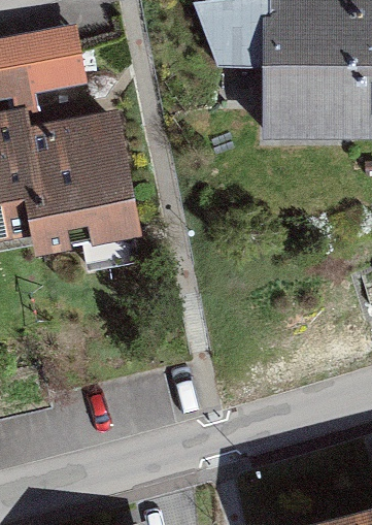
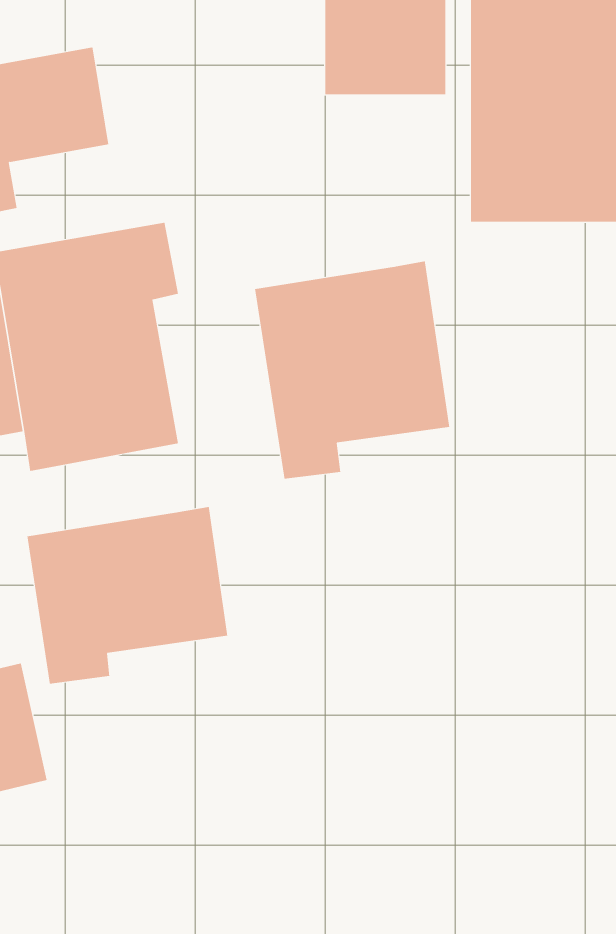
building: none -> [254,261,450,479]
building: none -> [27,506,228,684]

